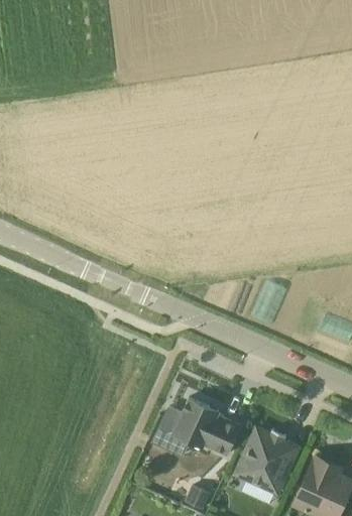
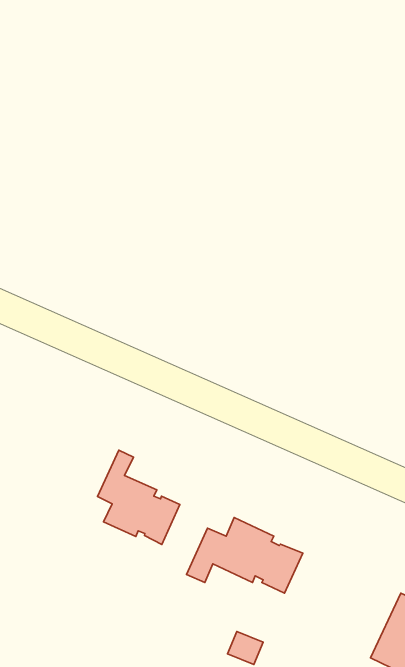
building: none -> [97,450,180,544]
building: [236,428,298,491] -> none

